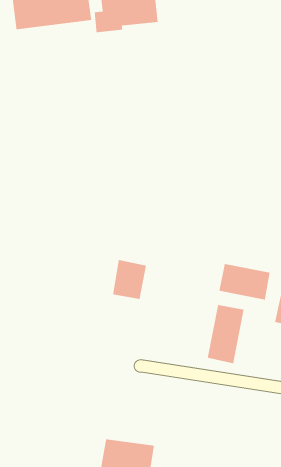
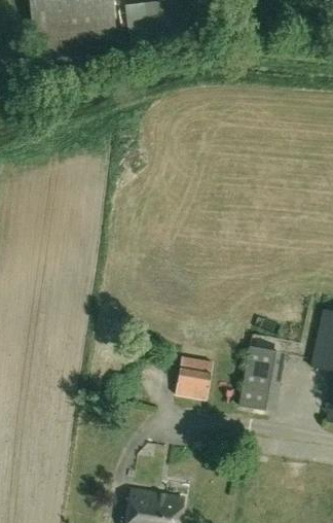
building: [112,259,147,300] -> [176,353,213,396]
building: [218,263,271,300] -> none

